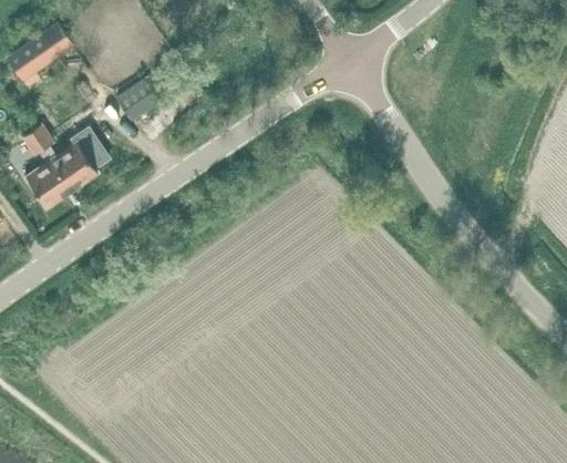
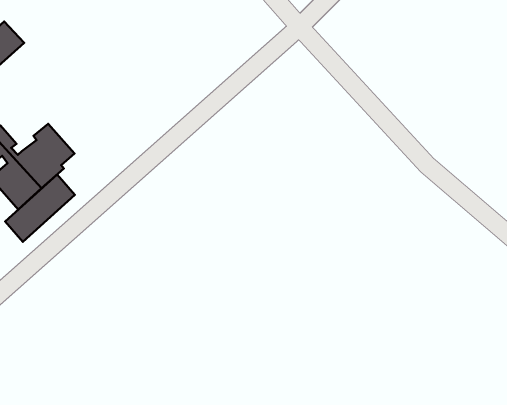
building: [118,76,162,117] -> none
building: none -> [5,174,75,242]

